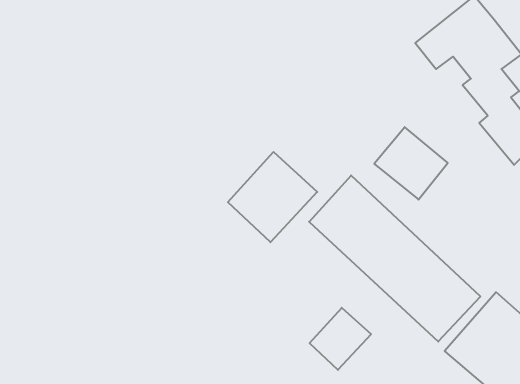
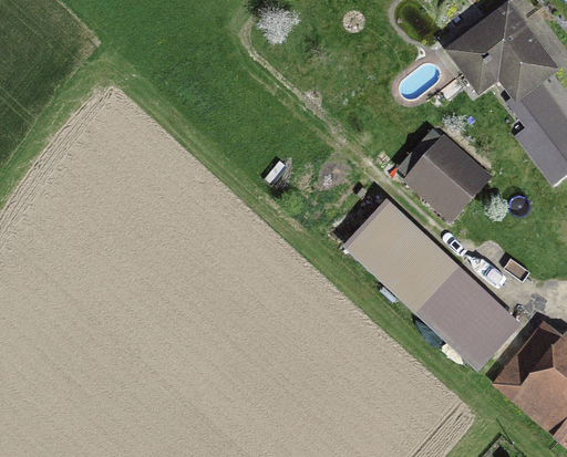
building: [228,152,317,242] -> none
building: [310,308,371,370] -> none

